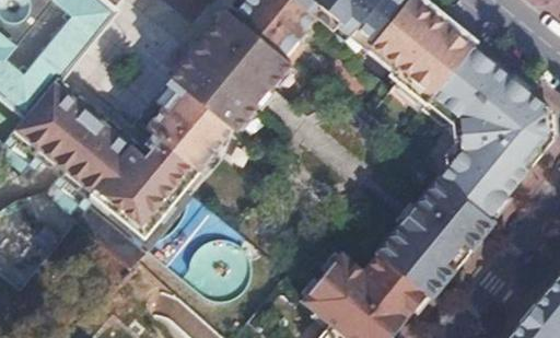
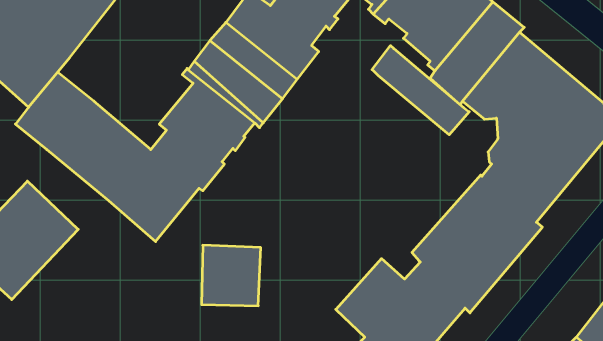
building: none -> [372,46,469,135]

